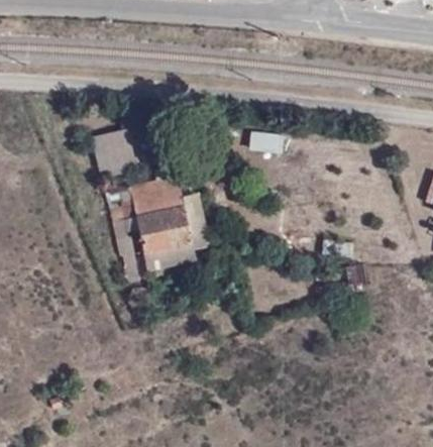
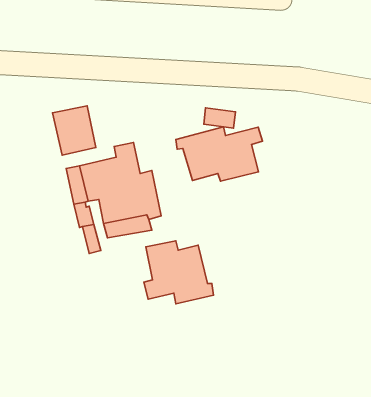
building: none -> [176,127,263,181]
building: none -> [144,241,213,304]

